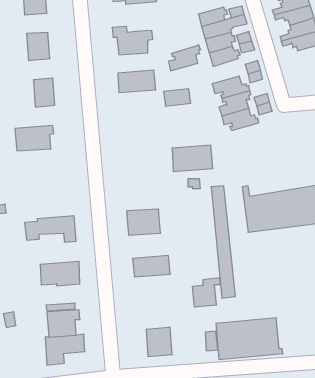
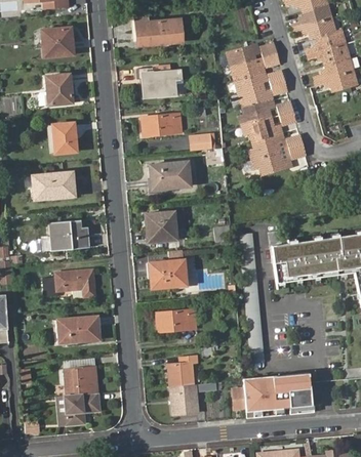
building: [169,45,201,71] -> [238,99,272,127]
building: [172,145,213,171] -> [146,163,189,191]
building: none -> [145,214,177,244]
building: none -> [49,217,91,247]
building: [192,278,220,307] -> [168,356,198,386]

